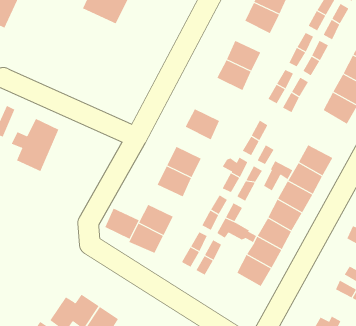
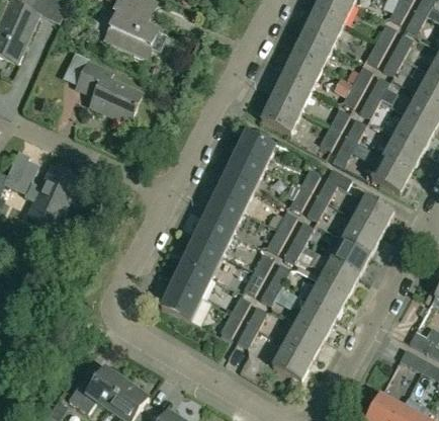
building: none -> [281,53,322,89]
building: none -> [77,60,143,122]
building: none -> [235,132,275,168]
building: none -> [370,156,411,193]
building: none -> [213,175,254,212]
building: [263,160,293,191] -> [317,166,351,201]
building: [104,208,140,239] -> [181,242,222,278]
building: none -> [271,343,312,381]

